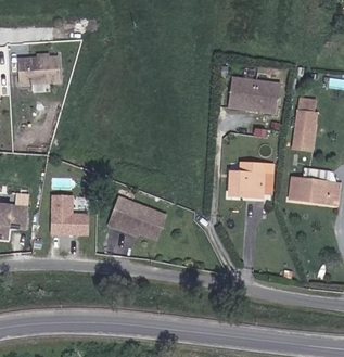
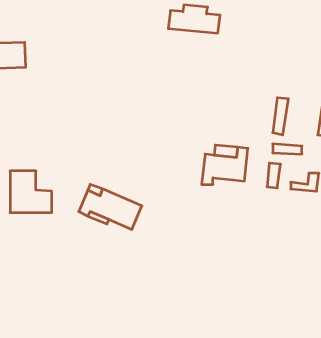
building: [231,84,281,111] -> [168,5,220,33]
building: [301,180,332,204] -> none

